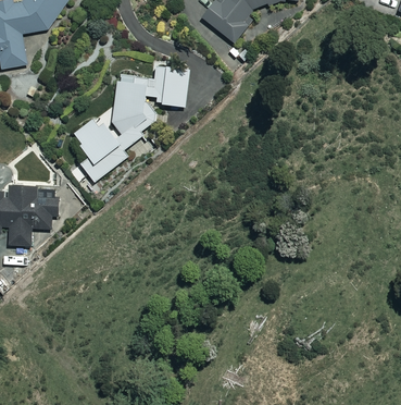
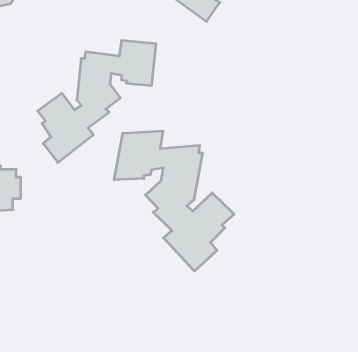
building: none -> [114,131,234,271]

